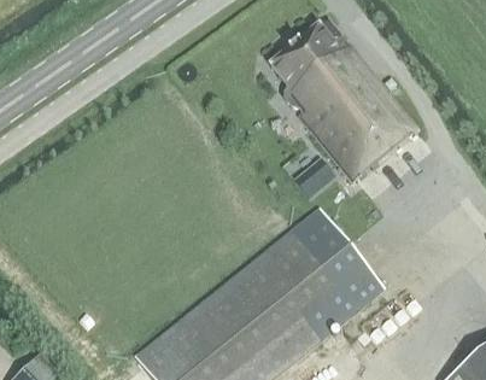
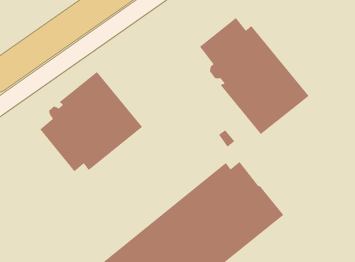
building: none -> [39,71,143,172]

